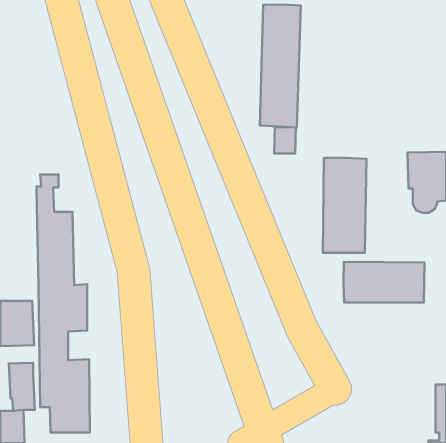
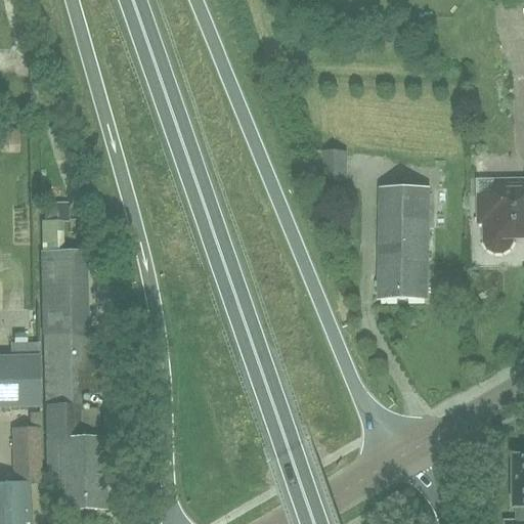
building: [260,5,301,127] -> none
building: [344,262,425,303] -> none

